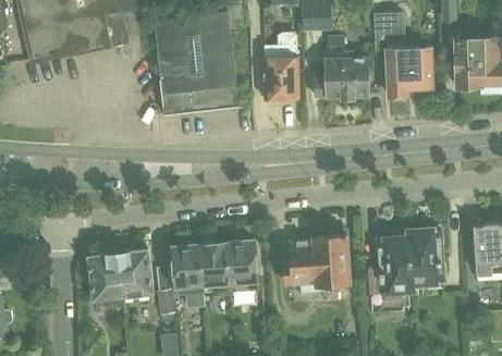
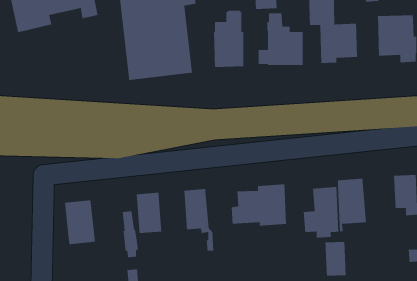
building: [199,243,231,292] -> none
building: [120,250,152,304] -> none
building: none -> [325,241,346,277]

